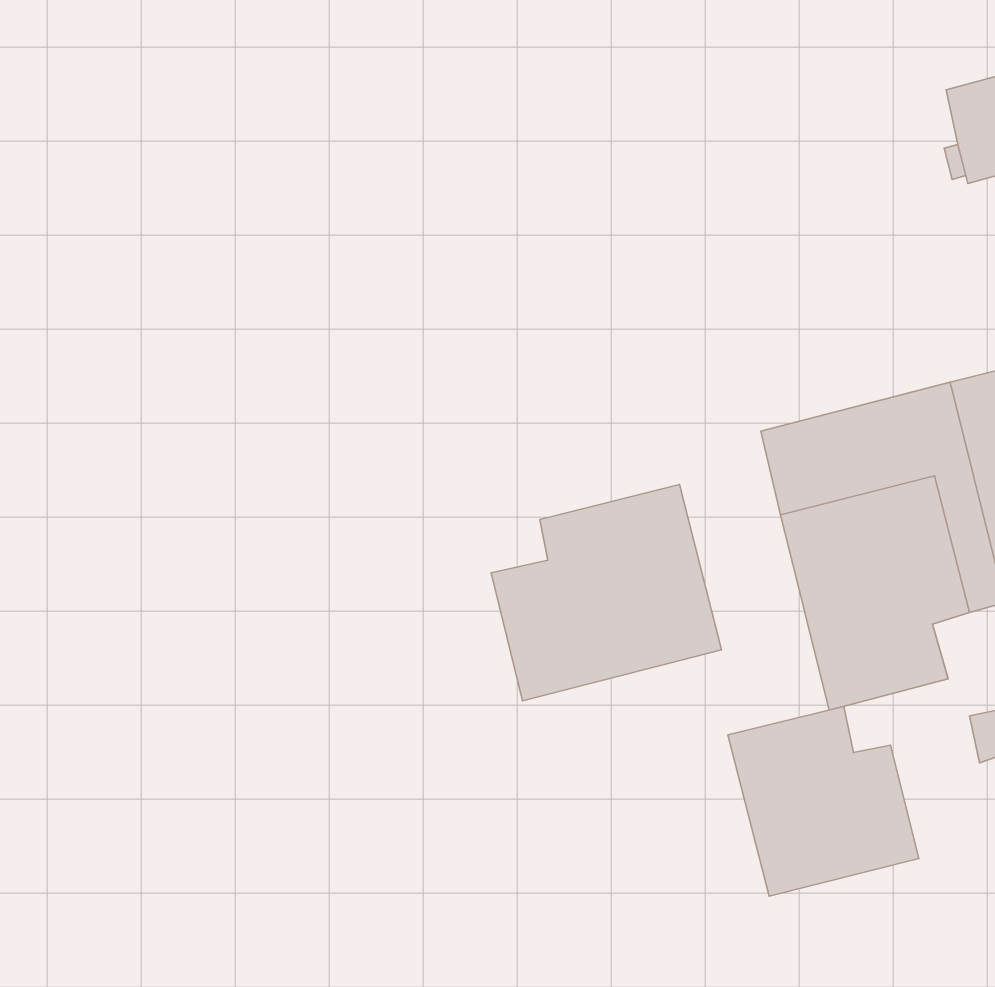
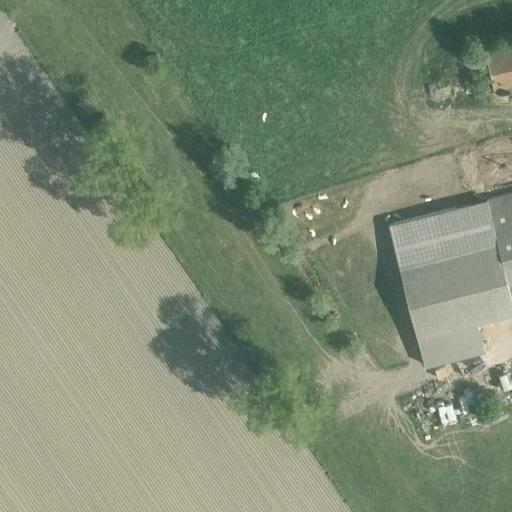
building: [491,485,721,701] -> none
building: [728,706,919,896] -> none

